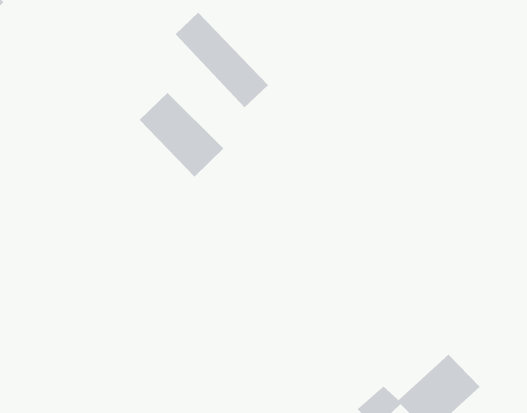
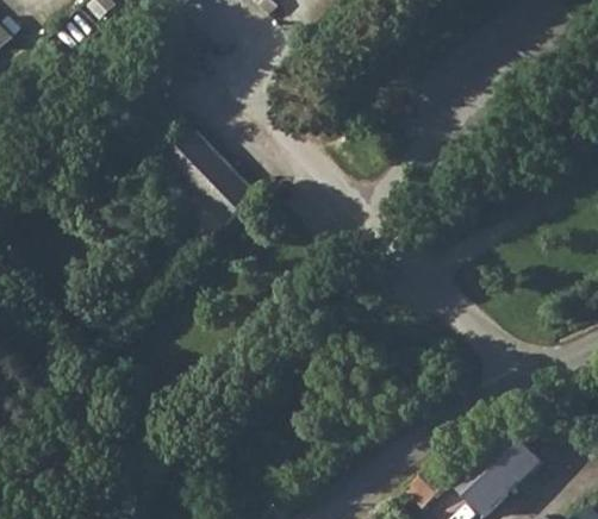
building: [175,12,269,108] -> none

